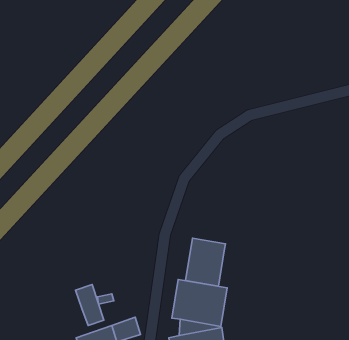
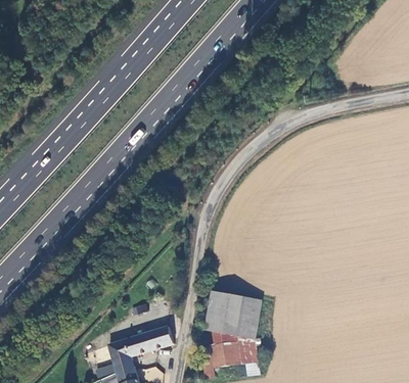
building: [185,238,226,286] -> none
building: [76,284,104,325] -> none

